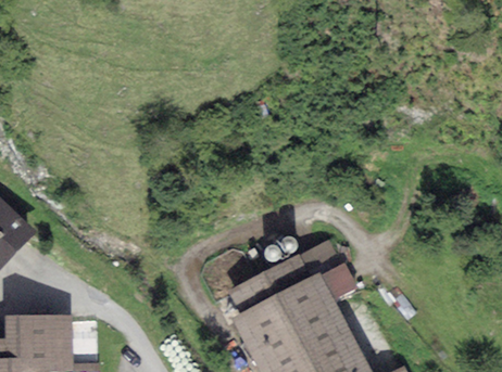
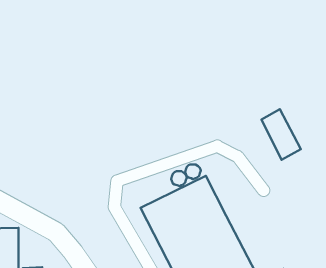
building: [305,238,354,300] -> [261,109,301,160]

